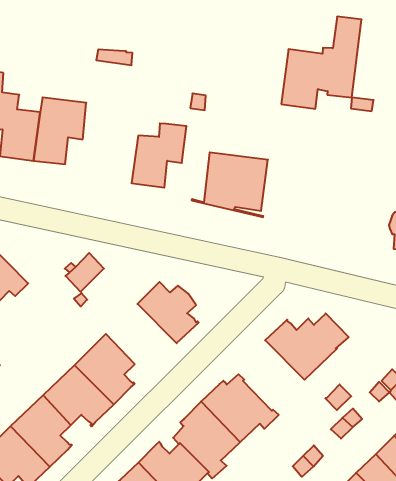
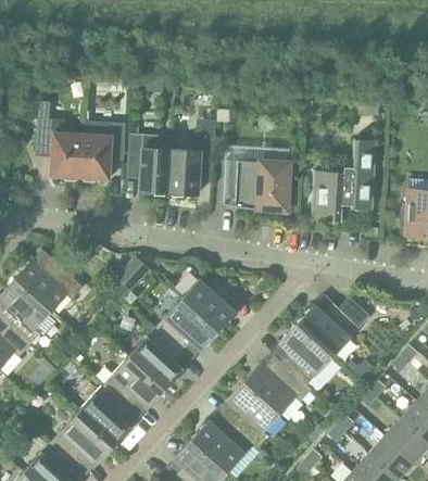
building: [281,17,362,109] -> [311,139,377,221]
building: none -> [128,134,173,192]
building: none -> [155,299,218,352]
building: none -> [278,324,333,385]

